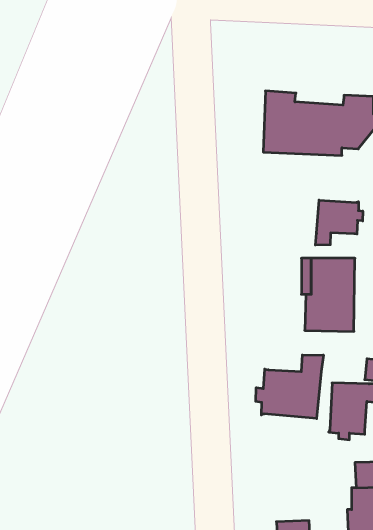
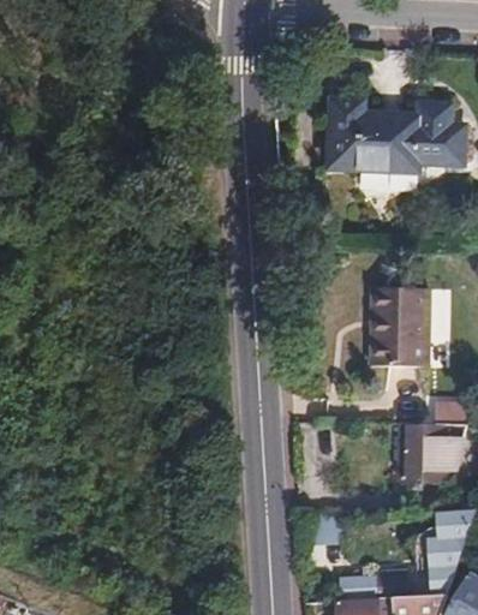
building: [315,200,363,245] -> none
building: [256,355,323,419] -> none

